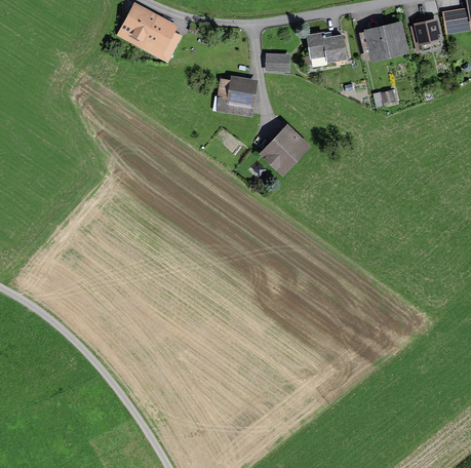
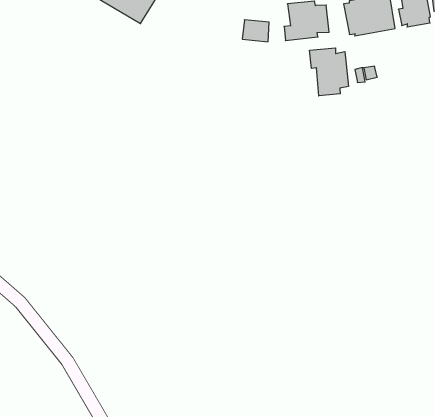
building: none -> [310,48,348,96]
building: [217,75,258,116] -> none
building: [259,123,311,176] -> none

